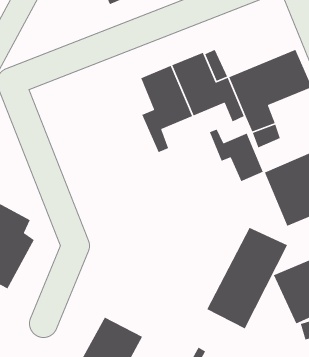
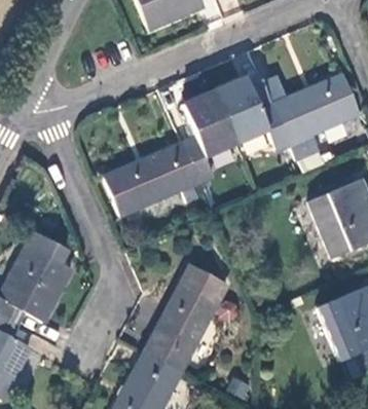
building: none -> [104,141,199,215]
building: [209,129,264,182] -> none
building: [206,227,288,329] -> [144,264,228,370]

